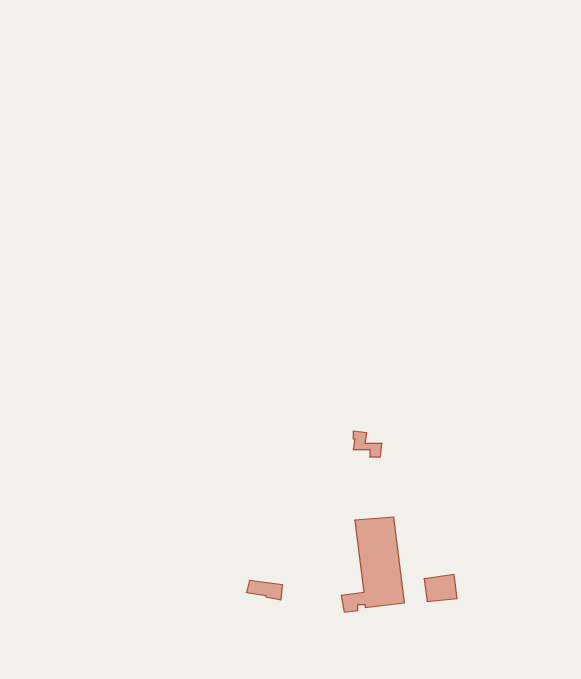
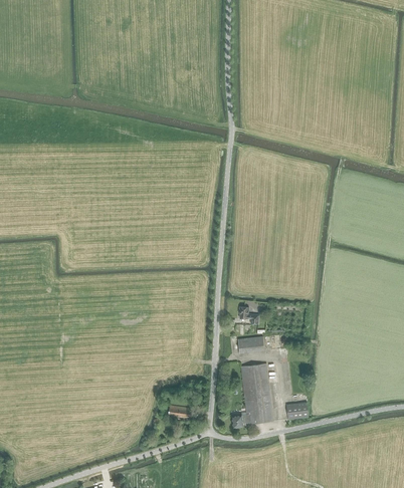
building: none -> [238,336,264,353]

